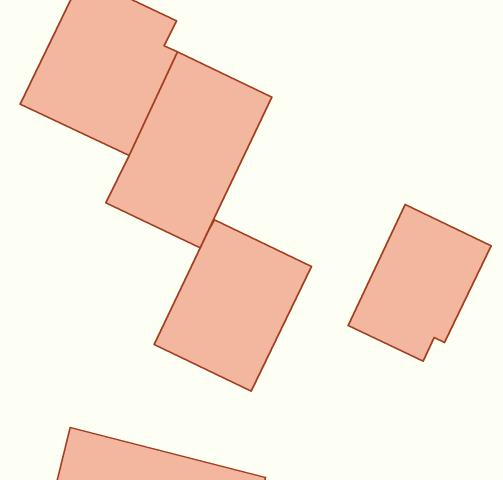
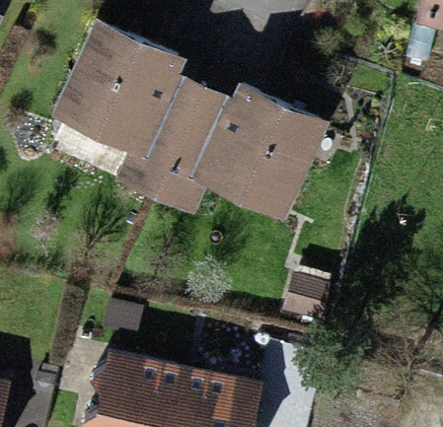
building: [348,205,491,361] -> none
building: [154,220,312,391] -> [204,90,318,217]

